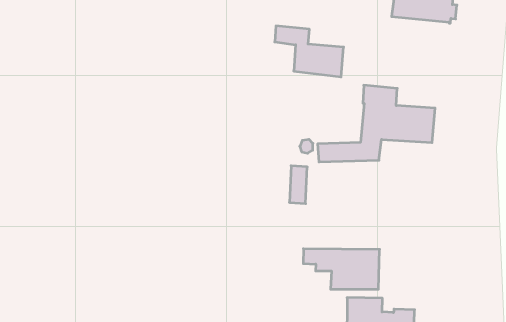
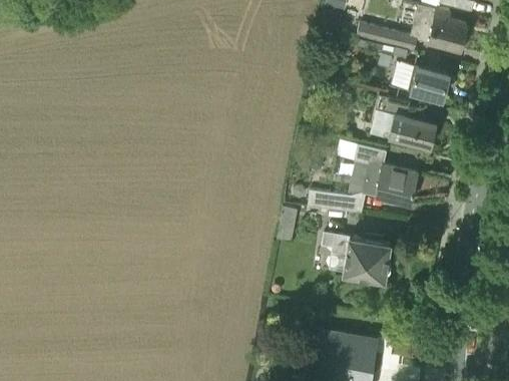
building: [275,26,344,77] -> [377,95,437,148]
building: [303,249,380,289] -> [323,233,392,278]

